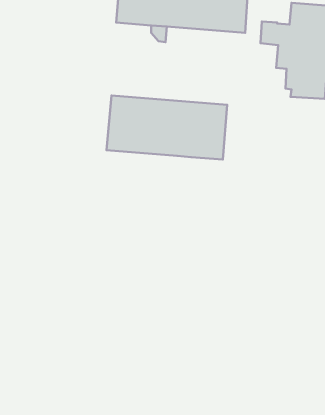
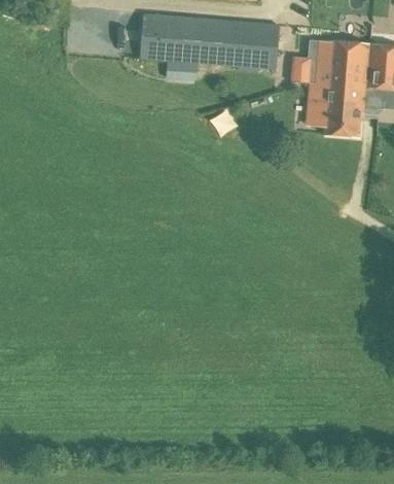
building: [106,96,227,160] -> none

